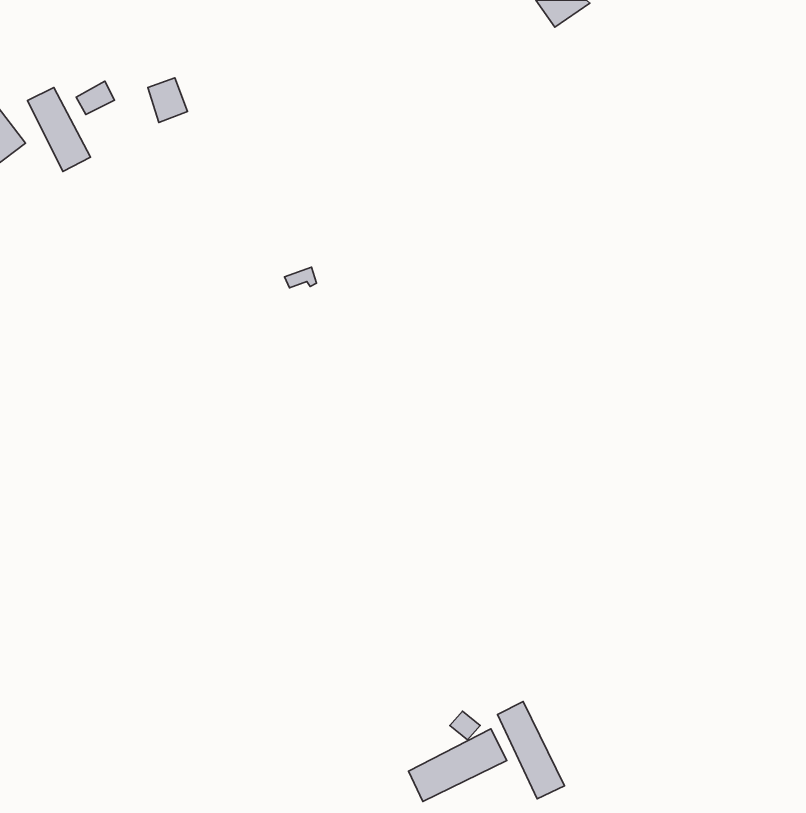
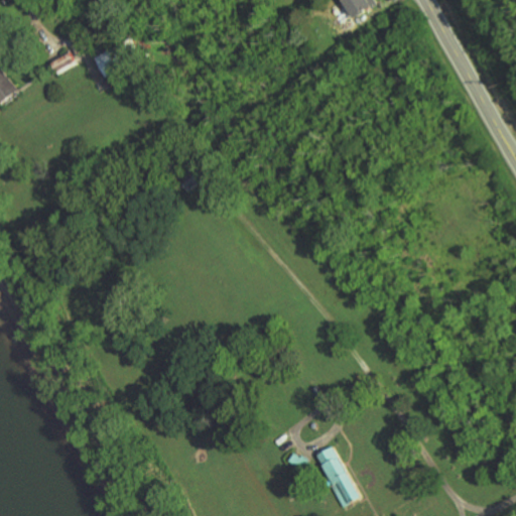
building: [27,87,90,172] -> none
building: [408,729,507,801] -> none

